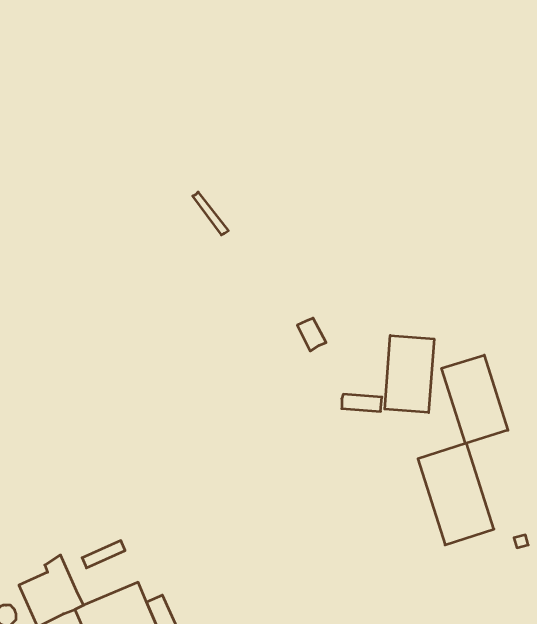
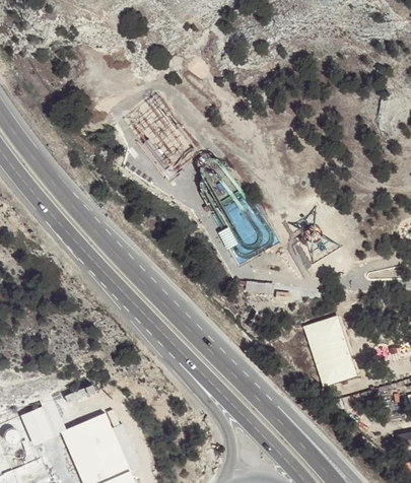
building: [385,335,434,413] -> none
building: [442,355,508,443] -> none

